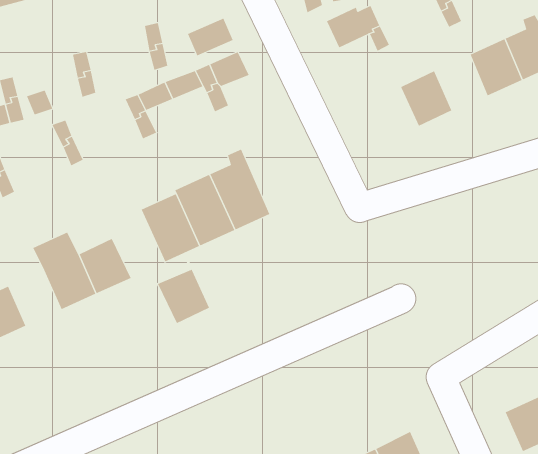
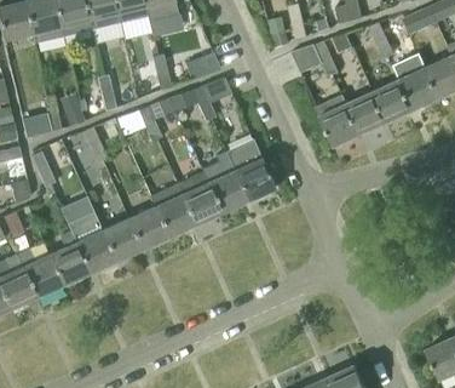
building: none -> [372,79,411,121]
building: none -> [313,95,359,147]
building: none -> [225,138,273,200]
building: [157,255,210,324] -> [127,196,167,249]
building: none -> [48,242,88,285]

